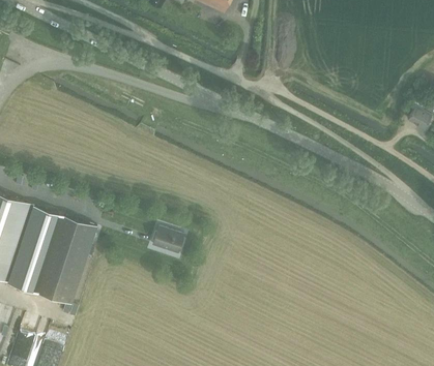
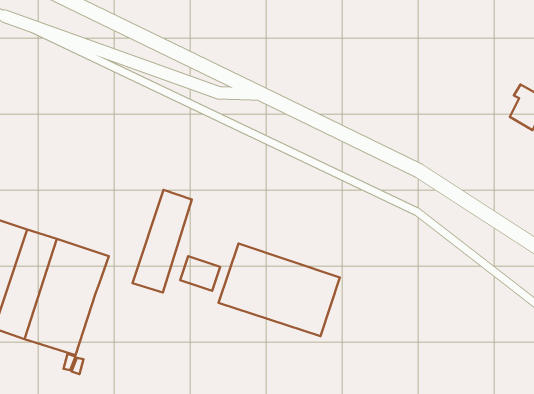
building: none -> [132,190,192,292]
building: none -> [219,244,340,336]

